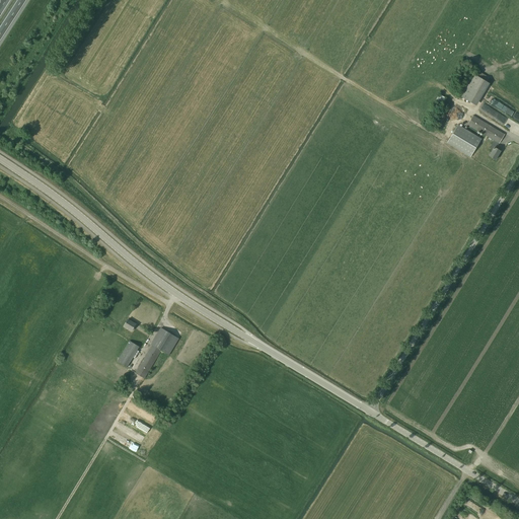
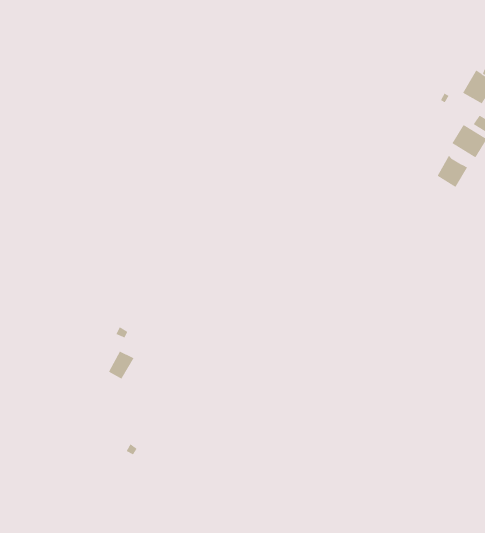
building: none -> [437,155,468,188]
building: [136,326,179,378] -> none

